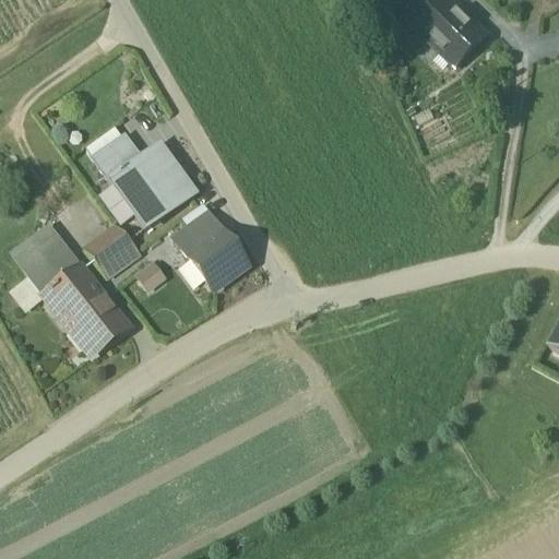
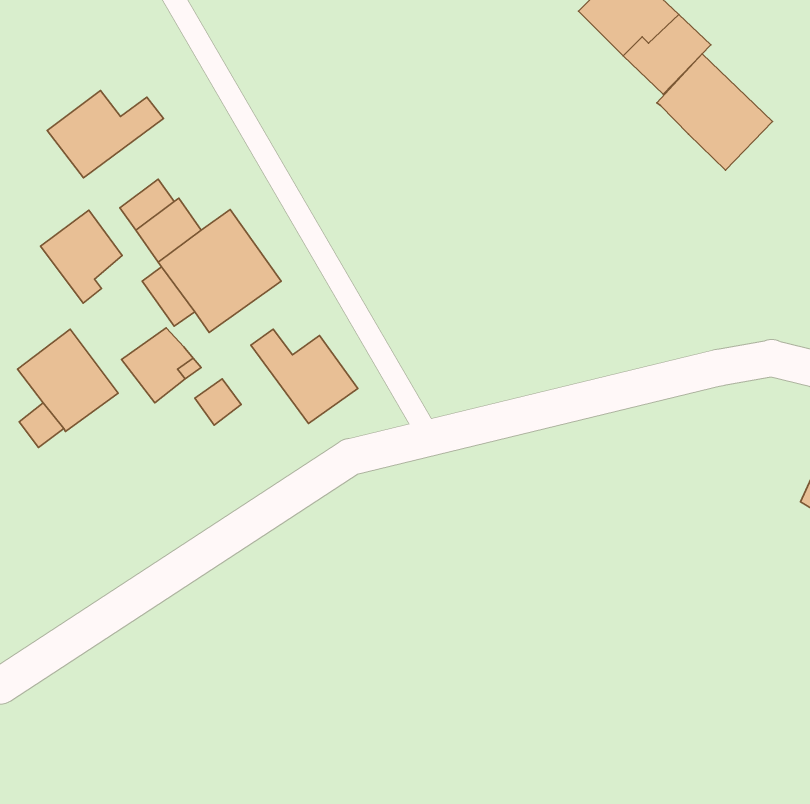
building: none -> [657,54,773,170]
building: none -> [47,90,163,178]
building: none -> [41,210,122,303]
building: [185,202,223,242] -> none
building: [48,267,129,350] -> none

